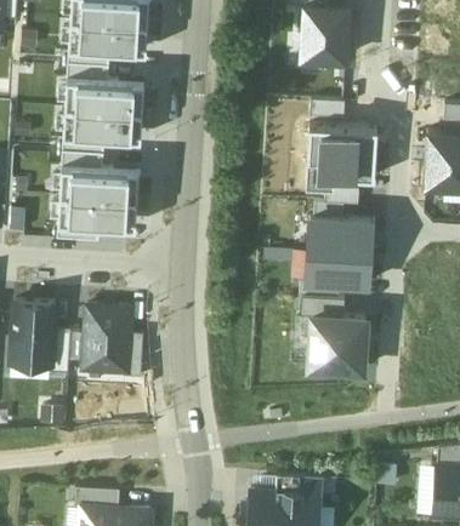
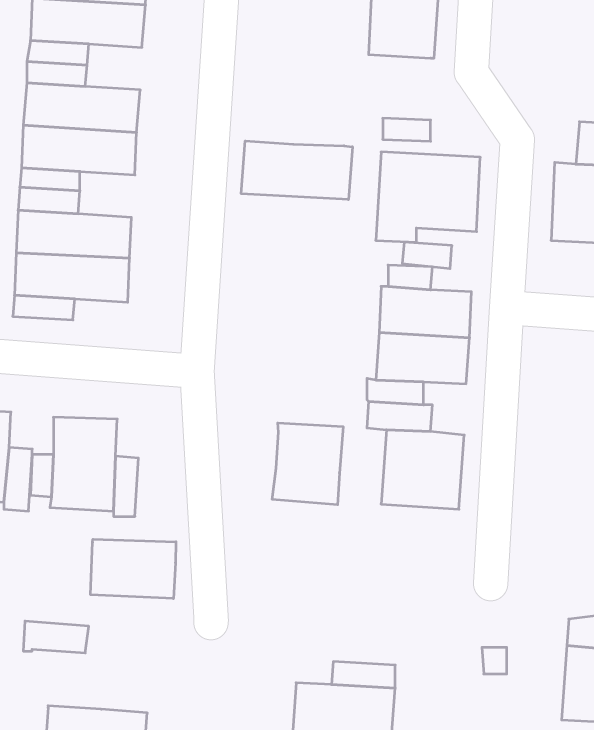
building: none -> [241,141,352,200]
building: none -> [272,423,343,505]
building: none -> [91,539,176,599]
building: [75,486,120,508] -> [23,621,89,653]

